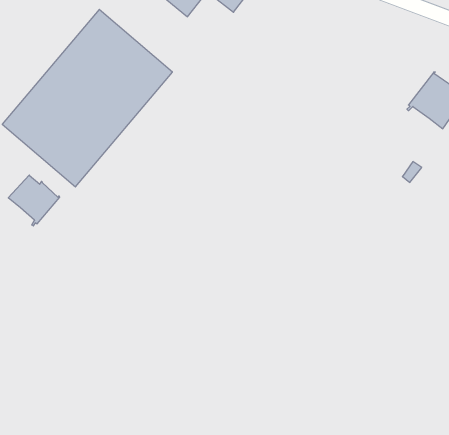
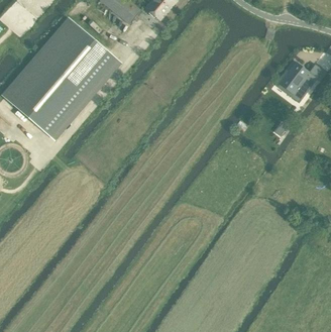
building: [8,175,59,226] -> none

